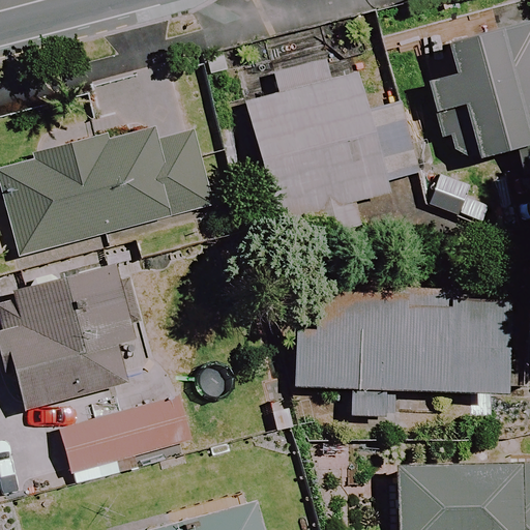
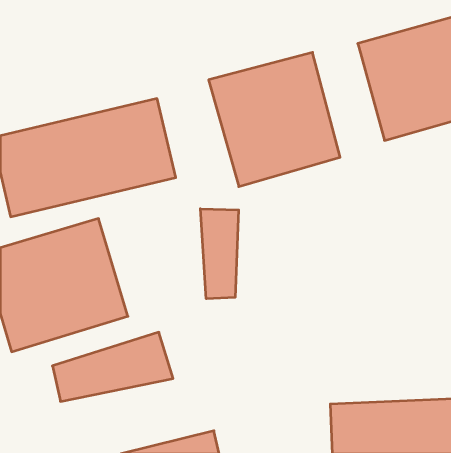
building: none -> [200,209,239,299]
building: [293,290,521,395] -> none

